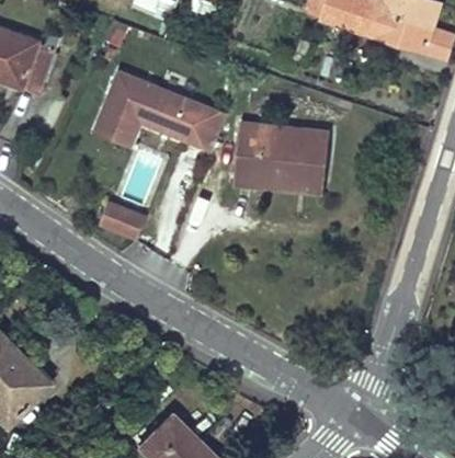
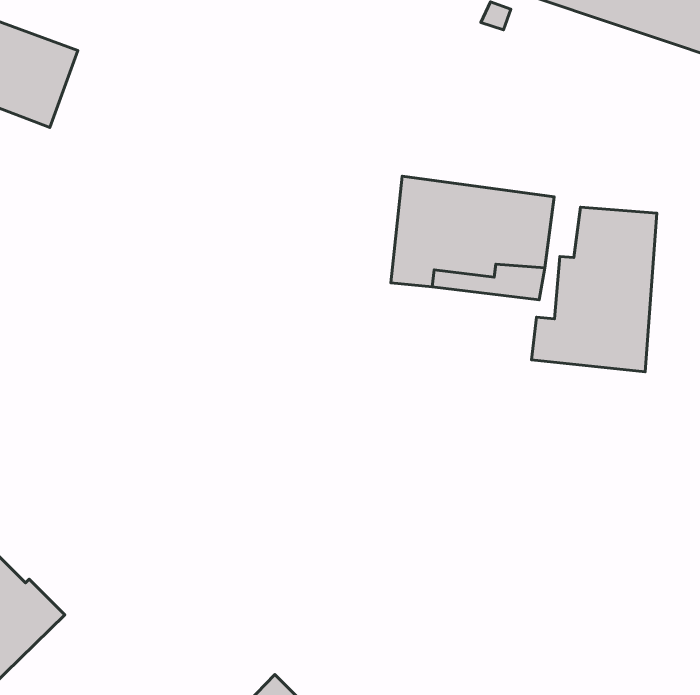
building: [95,69,227,148] -> none
building: none -> [531,207,657,372]
building: [101,198,148,236] -> none

